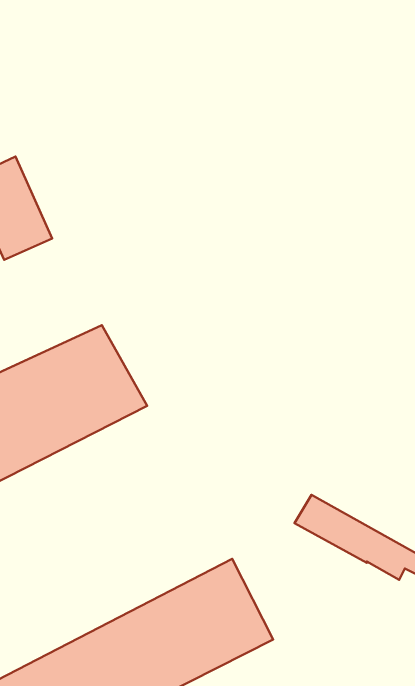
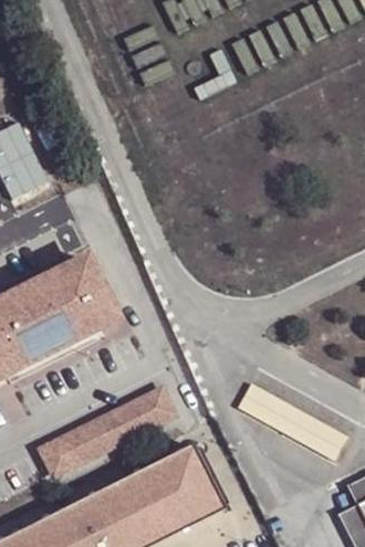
building: none -> [36,386,178,478]

